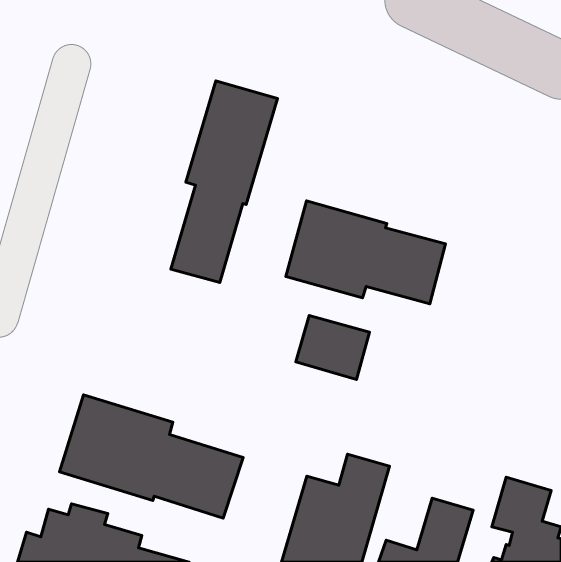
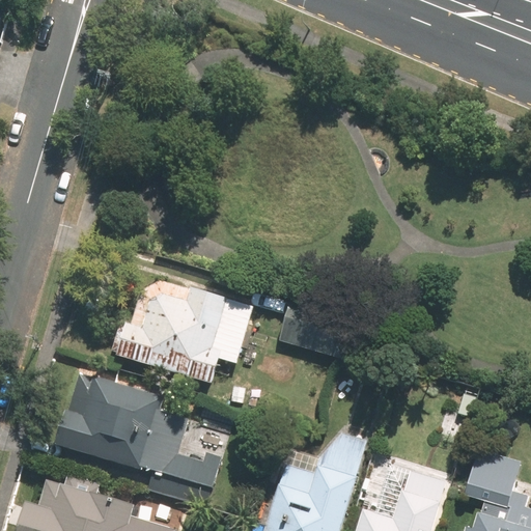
building: [171,81,278,282] -> none
building: [286,201,446,304] -> none
building: none -> [112,280,253,384]

